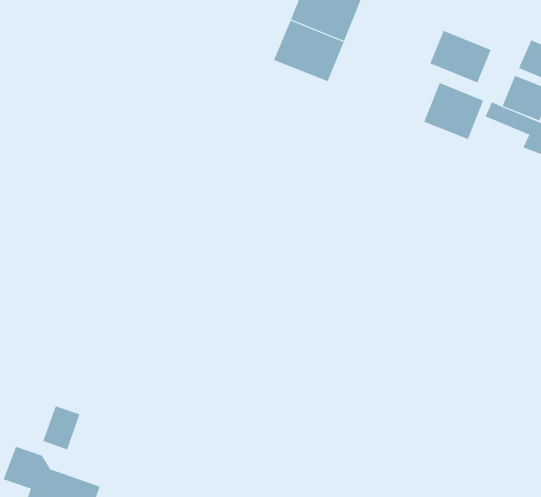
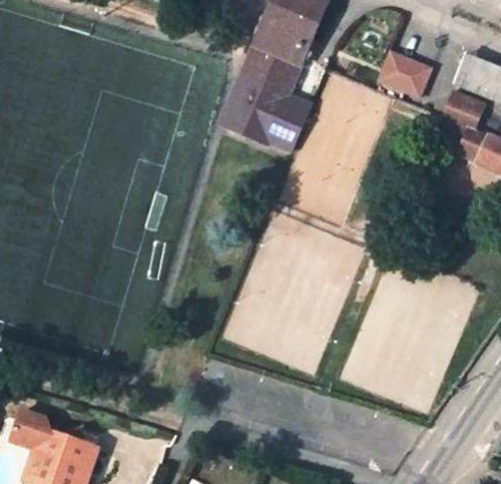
building: none -> [218,73,314,152]
building: [424,82,484,140] -> none
building: [43,406,80,450] -> none

